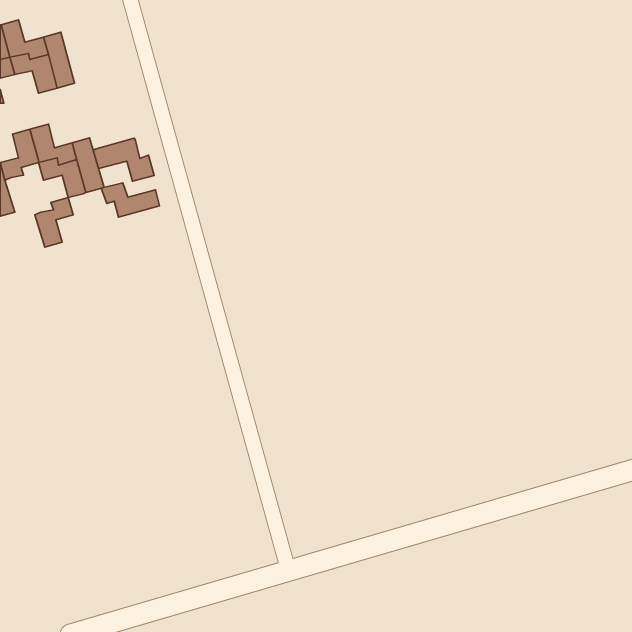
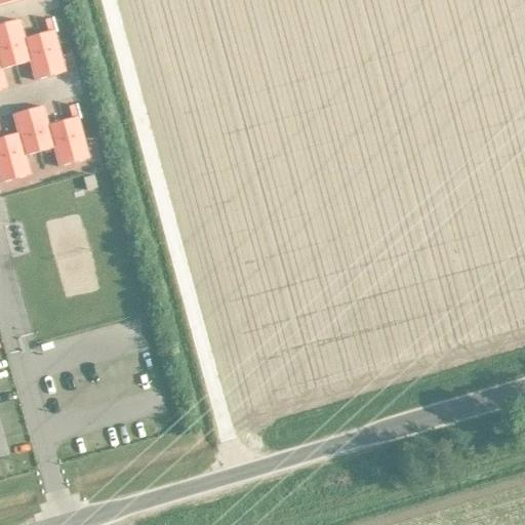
building: [94,138,154,181] -> none
building: [101,183,160,217] -> none
building: [35,197,73,247] -> [6,136,38,177]

